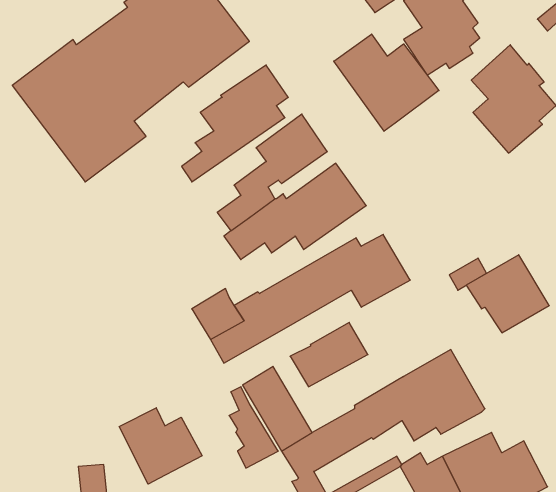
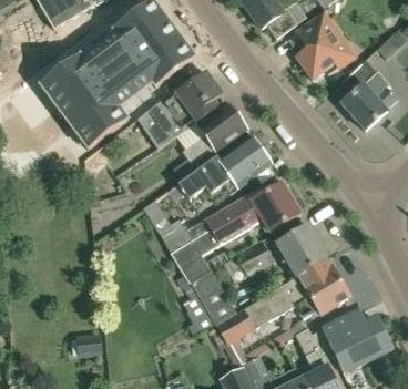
building: [334,34,439,131] -> none
building: [466,255,549,333] -> [273,224,327,275]
building: [119,408,202,484] -> none

